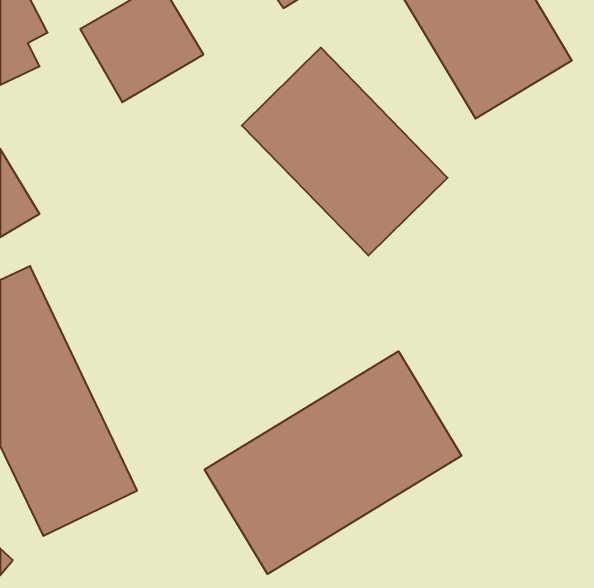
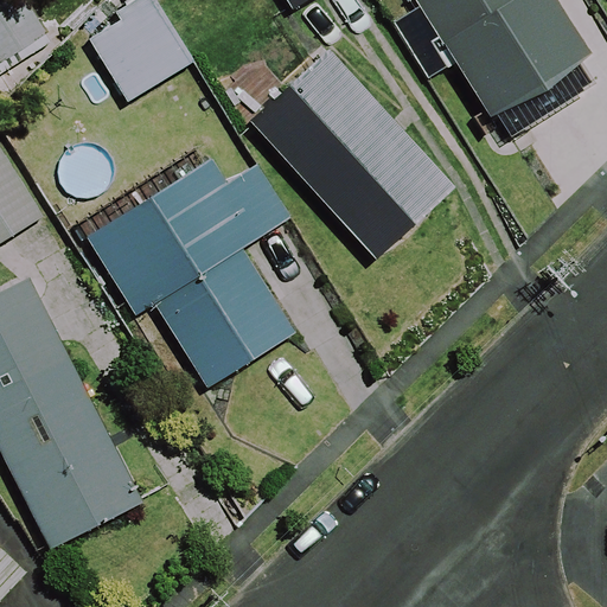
building: none -> [90,164,295,386]
building: [205,351,461,574] -> none

